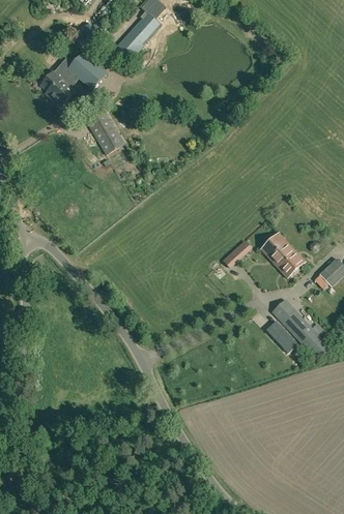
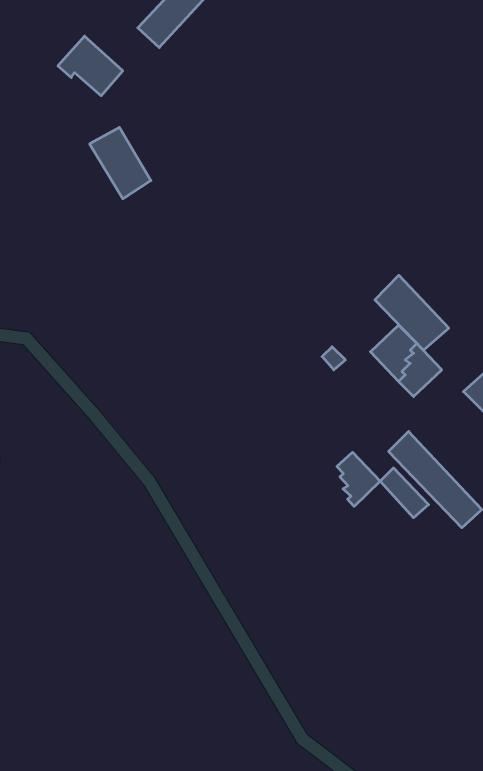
building: [40,69,74,105] -> none
building: none -> [375,275,449,350]
building: none -> [337,452,380,506]

